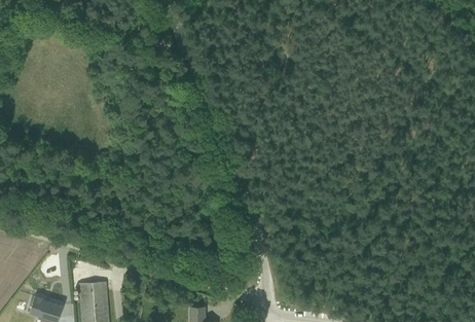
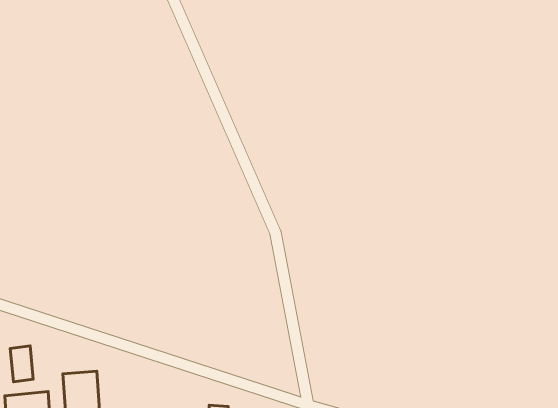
building: none -> [10,346,33,382]

